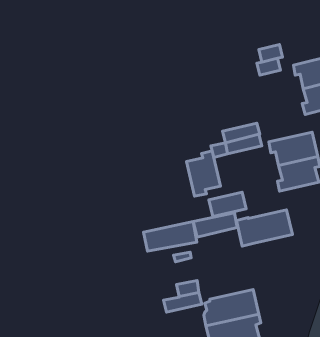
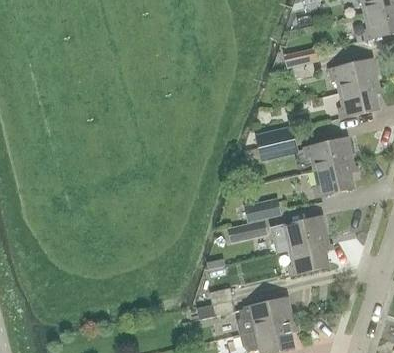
building: [187,151,220,196] -> none
building: [143,222,197,251] -> none
building: none -> [288,240,331,275]

